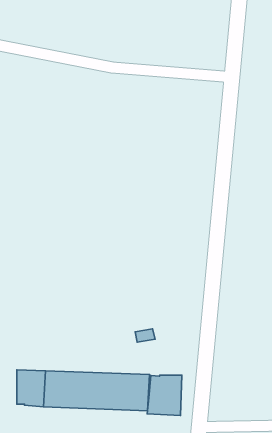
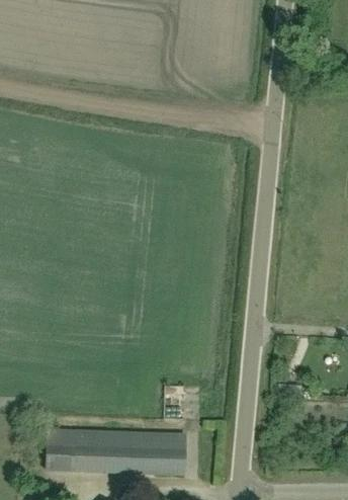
building: [147,375,182,416] -> none

